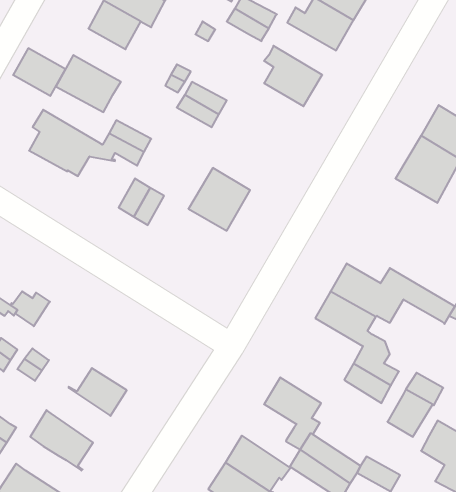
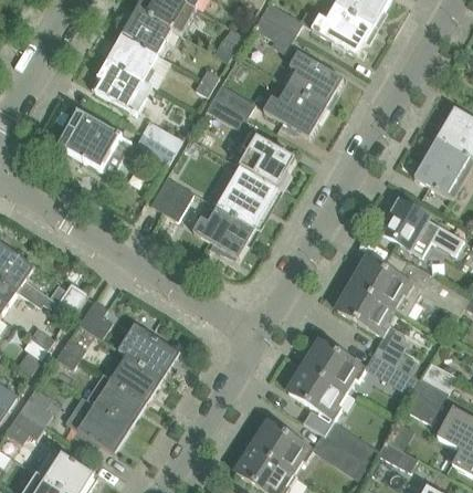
building: [13,48,65,96] -> [107,33,157,78]
building: none -> [263,85,326,136]
building: none -> [240,132,296,189]
building: none -> [380,201,464,255]
building: none -> [192,204,256,258]
building: none -> [78,298,113,337]
building: none -> [118,323,180,377]
building: none -> [304,339,366,389]
building: none -> [86,375,143,427]

